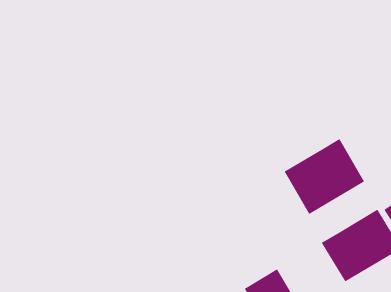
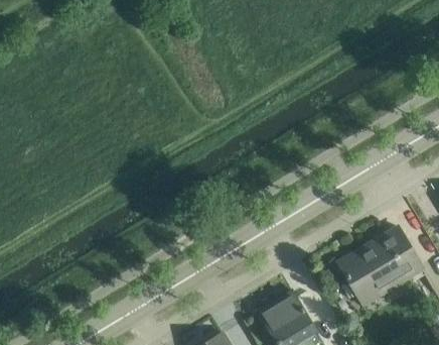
building: [284,138,365,215] -> none

